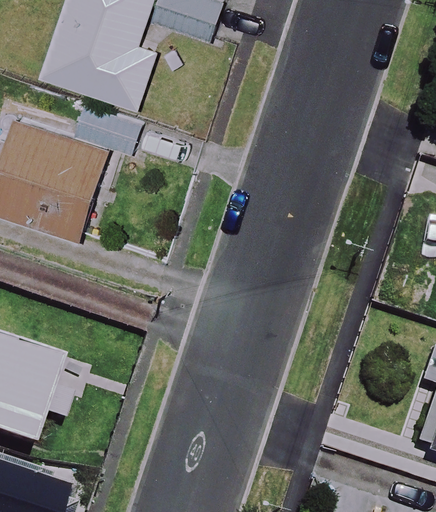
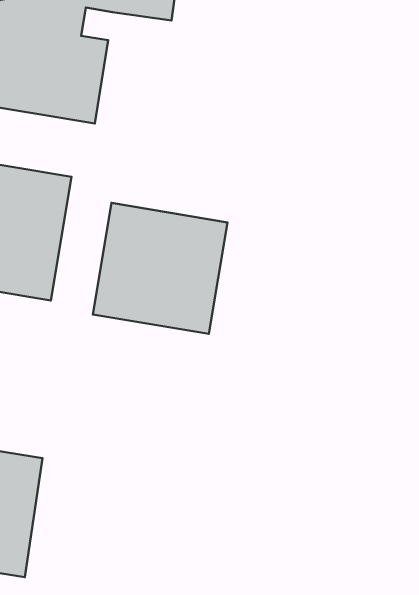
building: none -> [93,203,228,334]

